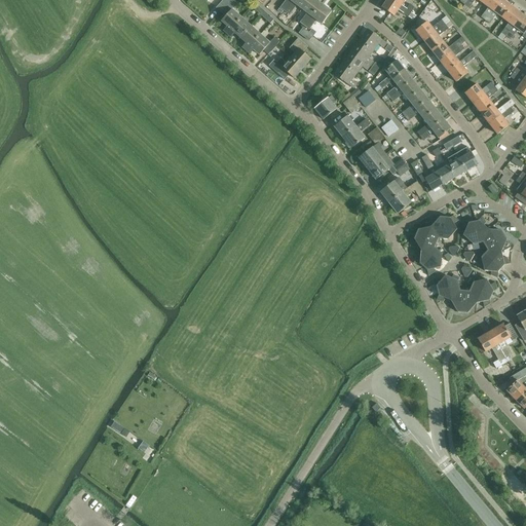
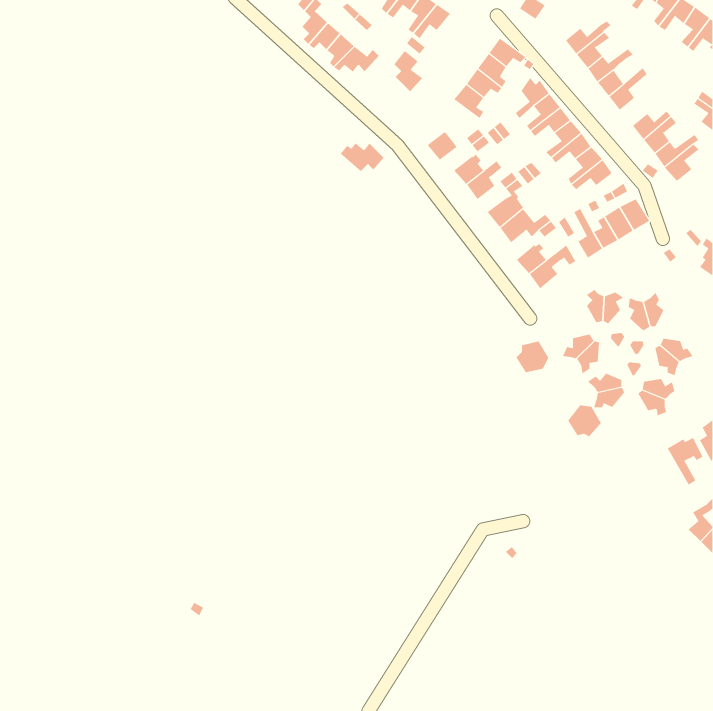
building: [269,57,302,78] -> [340,142,385,172]
building: [414,225,439,249] -> [516,341,549,373]
building: [483,228,508,251] -> none
building: [451,289,477,312] -> [567,405,602,437]
building: [478,330,510,368] -> none

